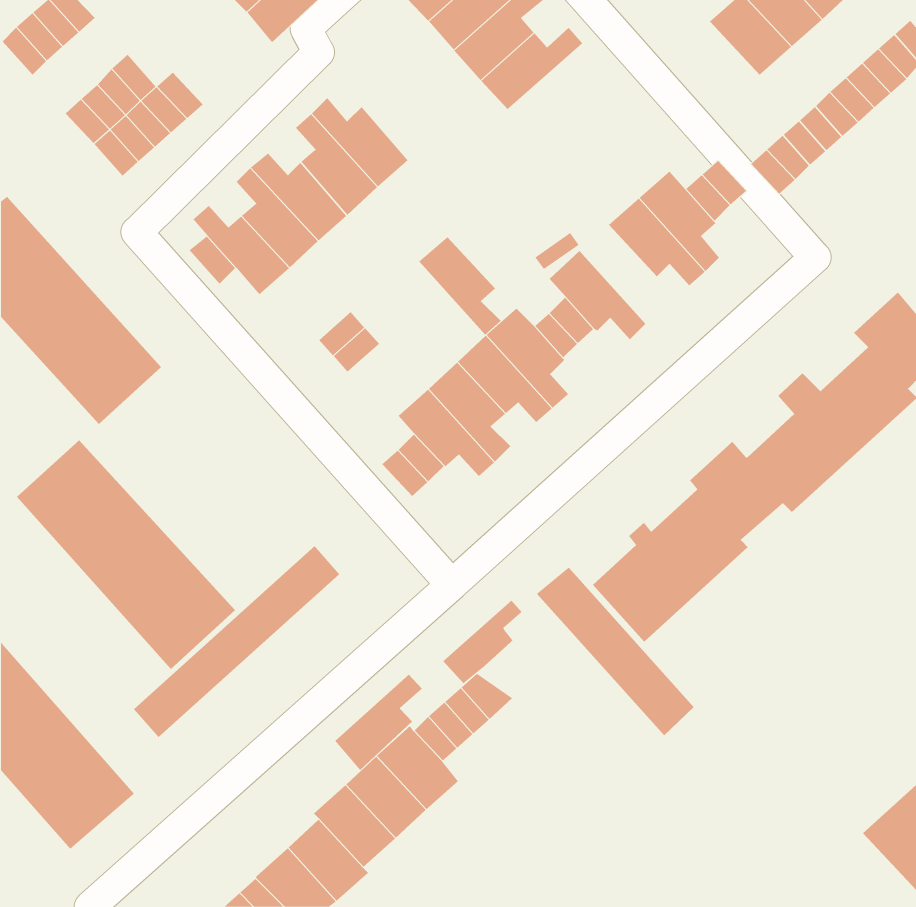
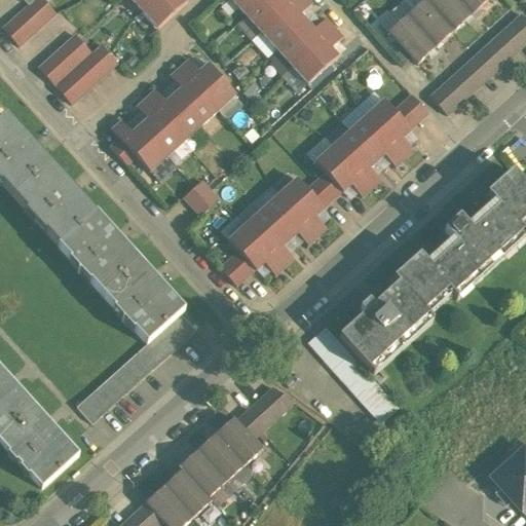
building: none -> [388,12,436,61]
building: none -> [292,25,343,81]
building: [419,236,501,335] -> [333,128,380,185]
building: [16,439,236,670] -> [59,210,184,341]
building: [443,600,523,684] -> none
building: [334,674,423,771] -> none

